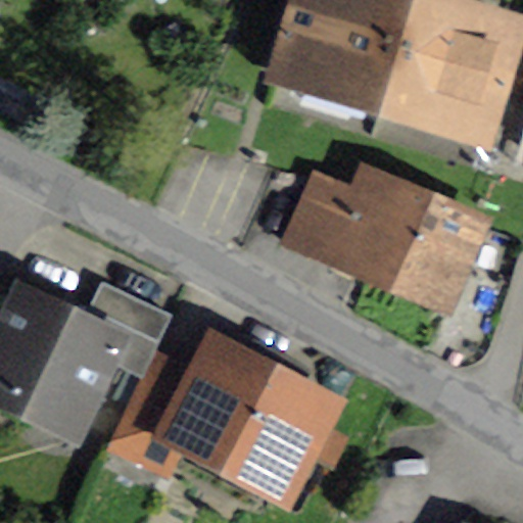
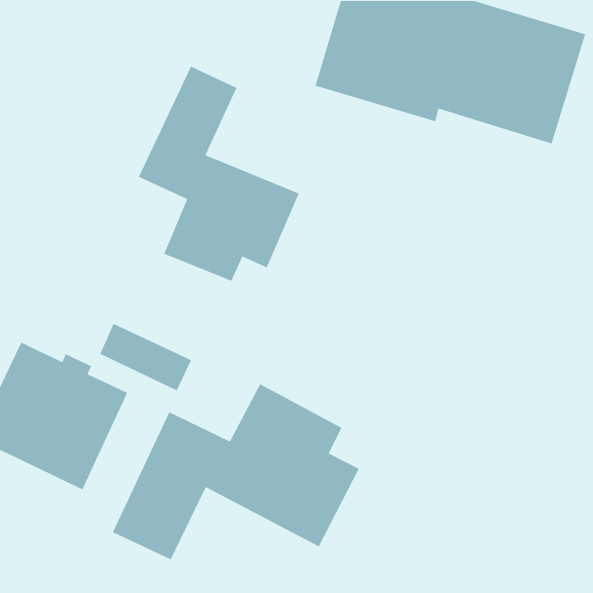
building: none -> [138,65,300,282]
building: [288,183,479,303] -> none

